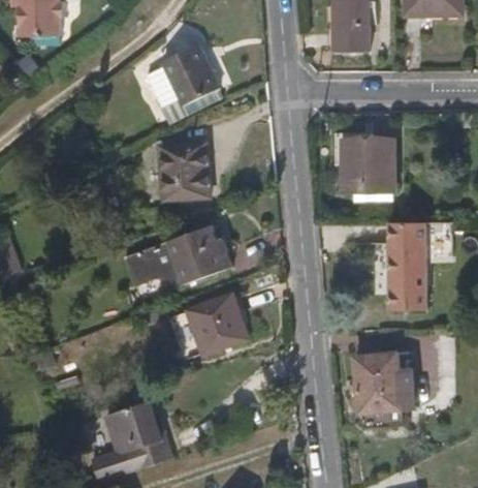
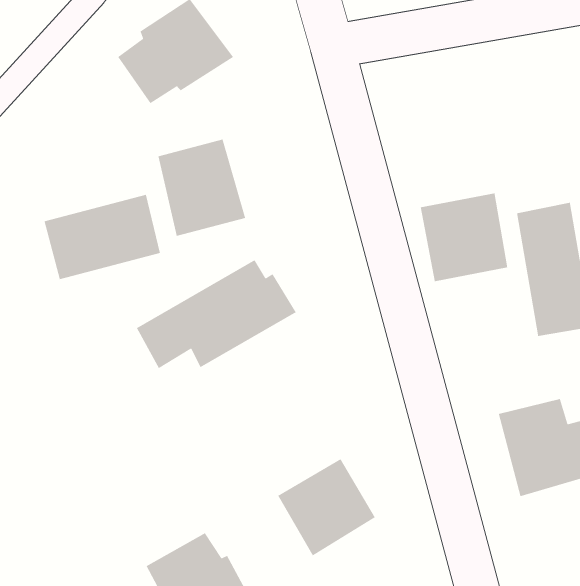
building: [342,139,393,191] -> [420,192,508,282]
building: none -> [44,194,161,280]
building: [185,293,248,355] -> [277,458,376,556]

